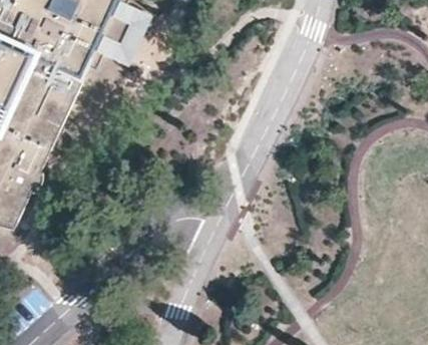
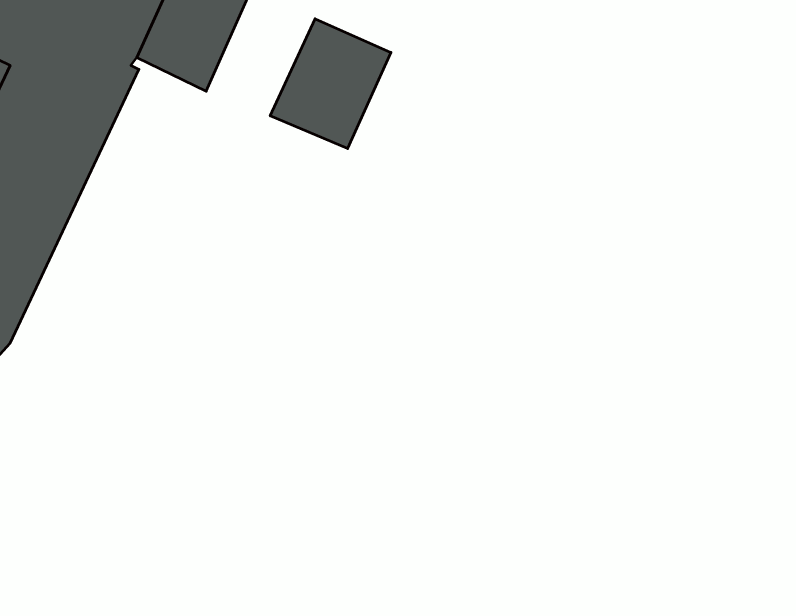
building: none -> [270,19,391,149]

